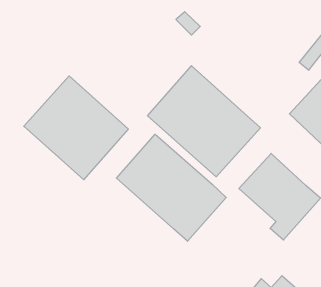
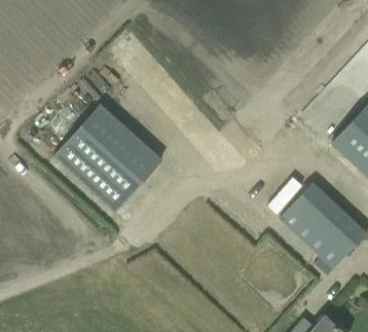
building: [148,66,260,177] -> none
building: [116,134,226,241] -> none

